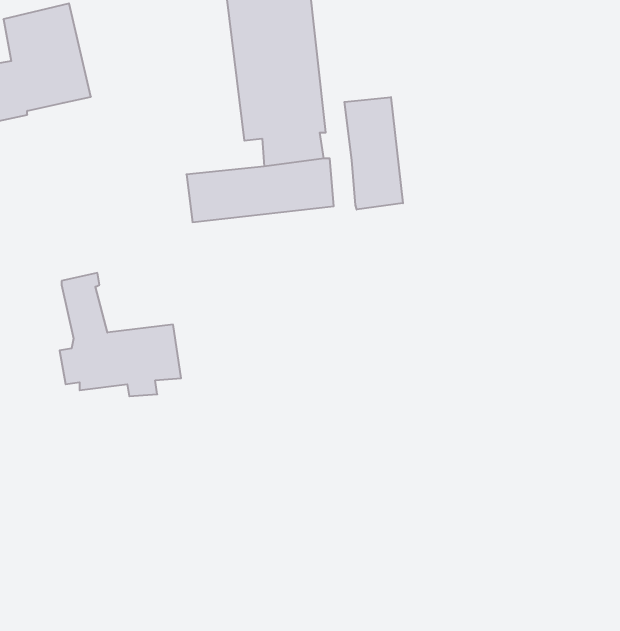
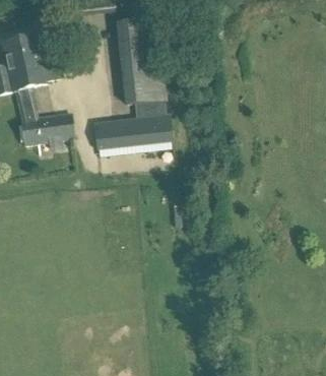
building: [344,97,403,210] -> none
building: [60,273,181,396] -> [14,85,76,148]

